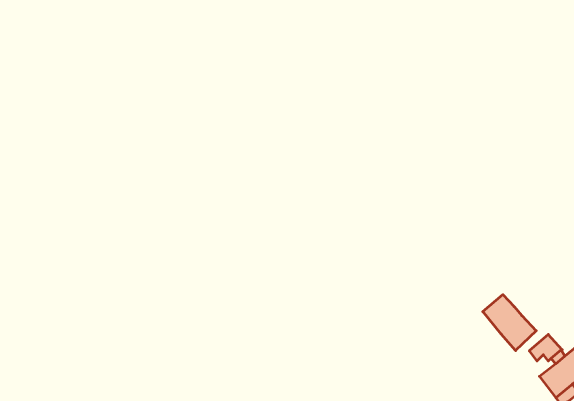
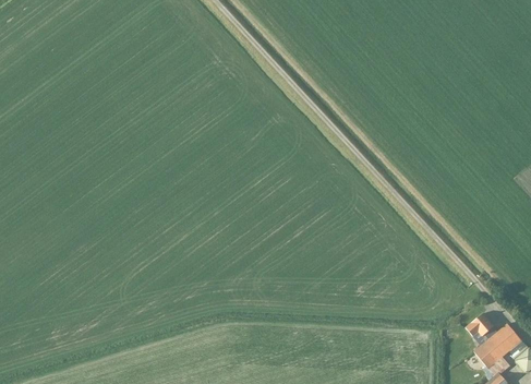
building: [483,295,536,351] -> none

